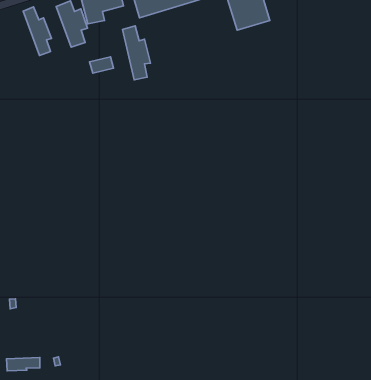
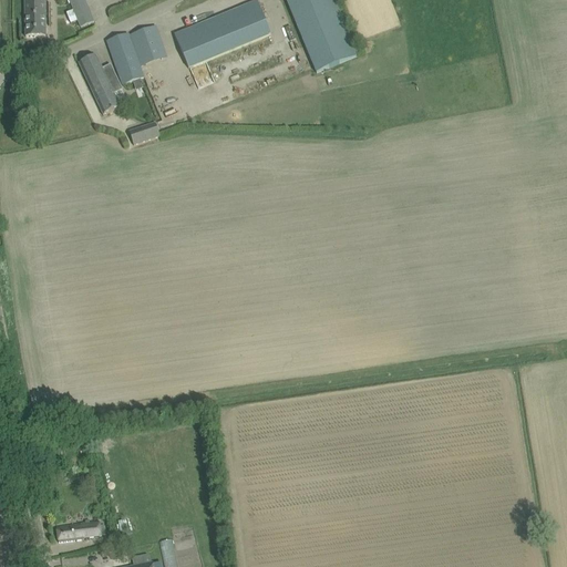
building: [23,7,51,55] -> none
building: [123,26,150,80] -> none

